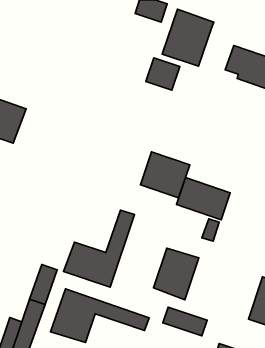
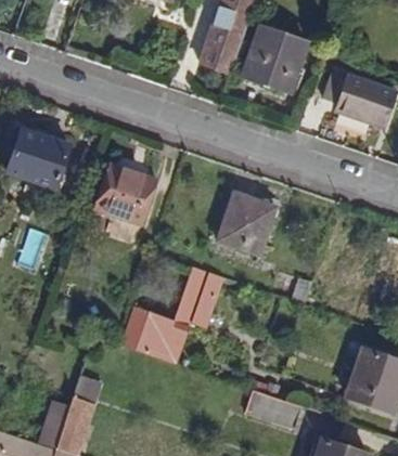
building: [146,58,180,90] -> [200,24,242,64]
building: none -> [94,160,163,221]
building: [176,177,230,220] -> none
building: [153,248,199,300] -> none
building: [51,289,149,343] -> none

